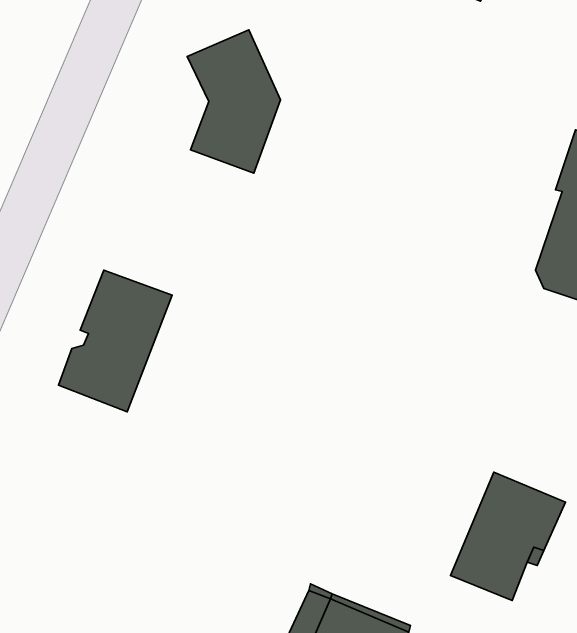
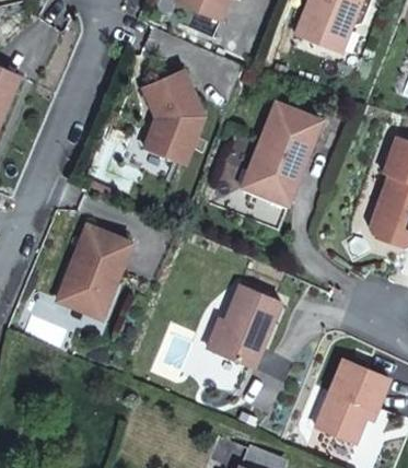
building: none -> [242,103,319,203]
building: none -> [214,285,283,368]

